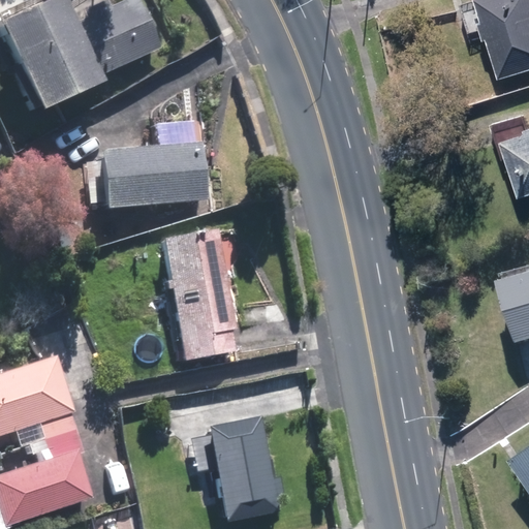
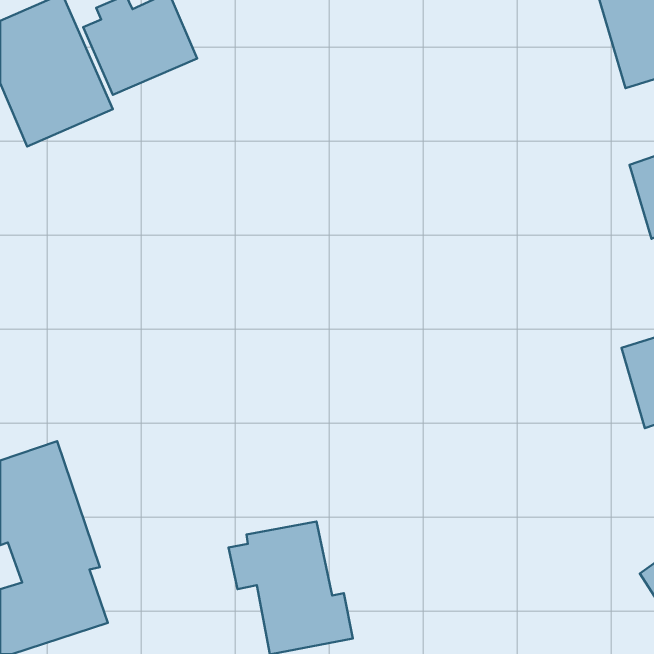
building: [95,118,208,212] -> none
building: [155,228,242,360] -> none

